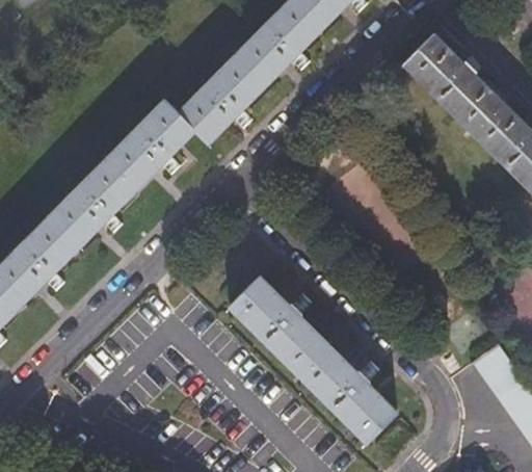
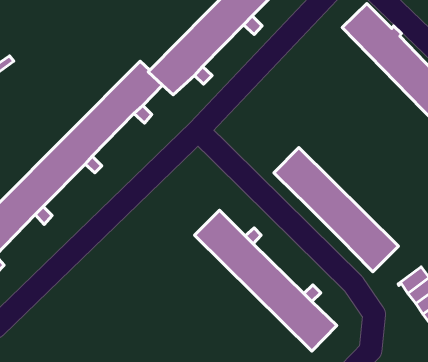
building: none -> [274,147,399,272]

